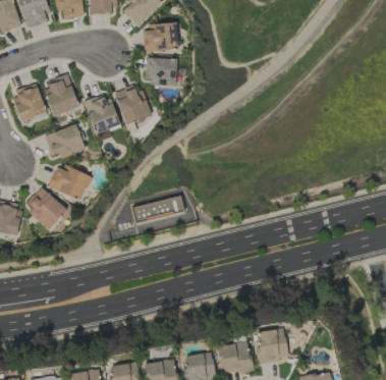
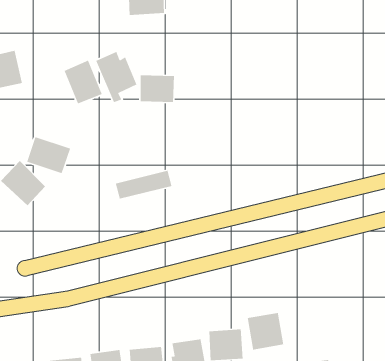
building: [145,58,177,85] -> [140,74,175,103]
building: [44,74,79,116] -> none
building: [43,124,85,159] -> none

